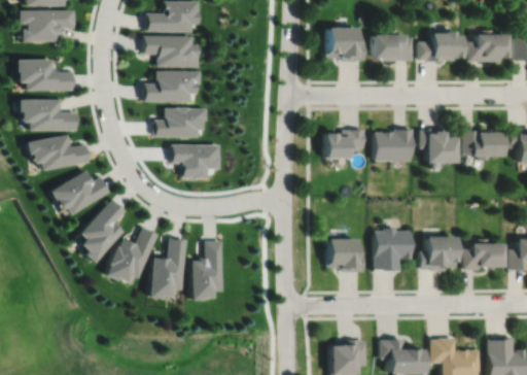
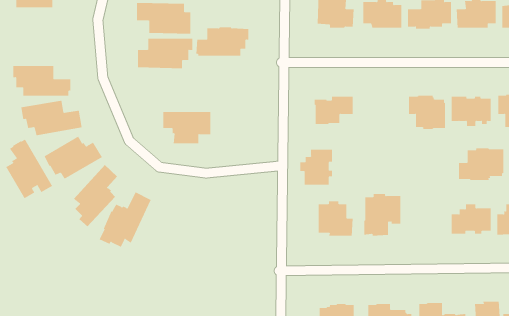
building: [16,59,73,91] -> none
building: [153,107,208,137] -> [195,27,249,56]
building: [375,129,414,161] -> none
building: none -> [5,139,53,199]
building: none -> [459,147,504,181]
building: none -> [300,149,332,186]
building: [421,236,458,271] -> none
building: [150,238,186,299] -> none
building: [191,241,222,301] -> none

